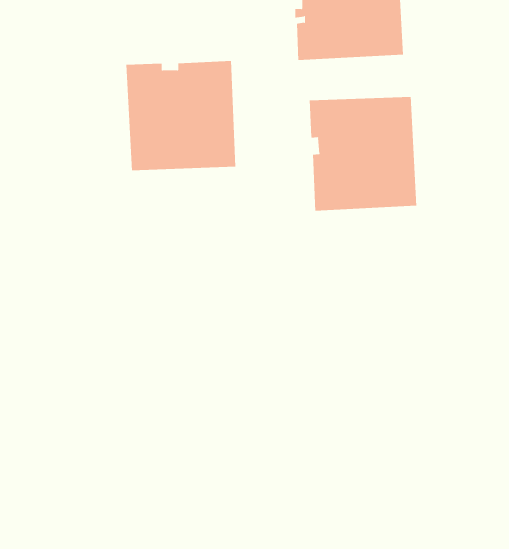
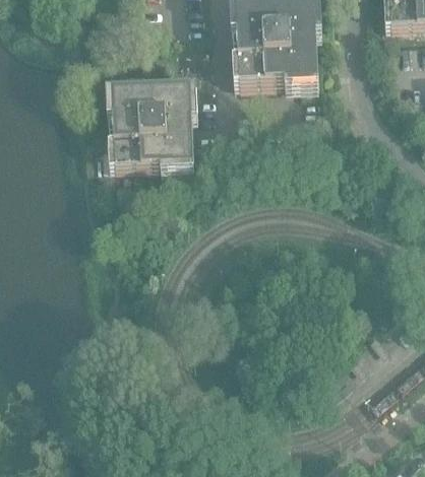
building: [309,96,417,211] -> none

